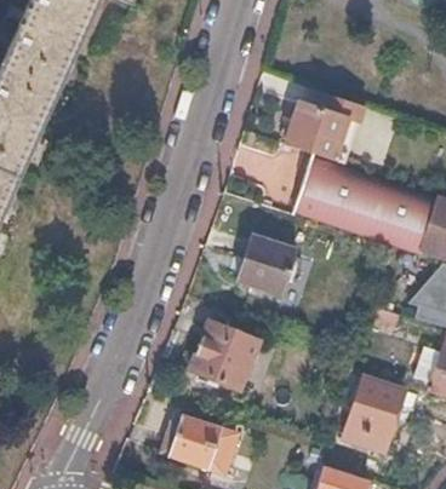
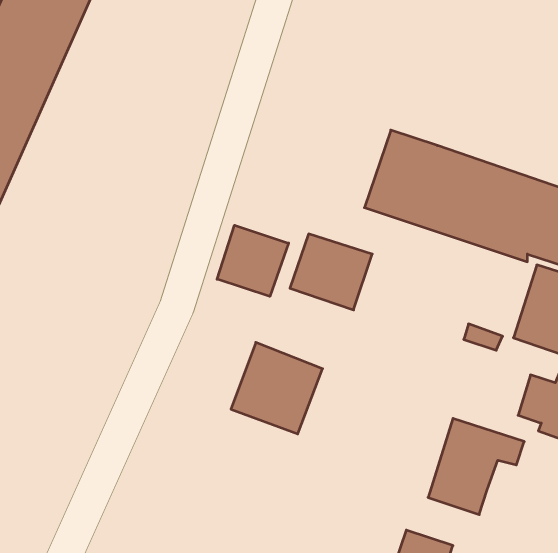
building: [287,93,370,165] -> none
building: none -> [217,225,289,296]
building: [160,414,222,470] -> none

